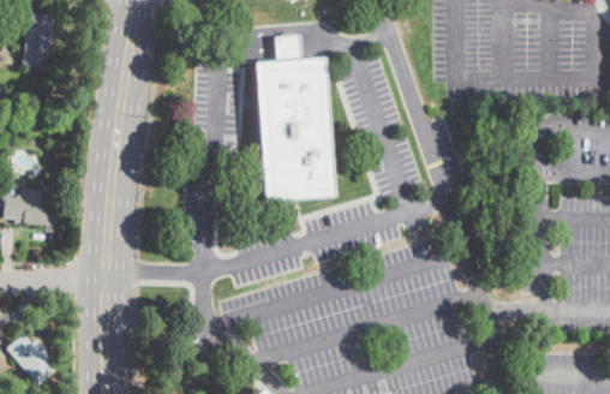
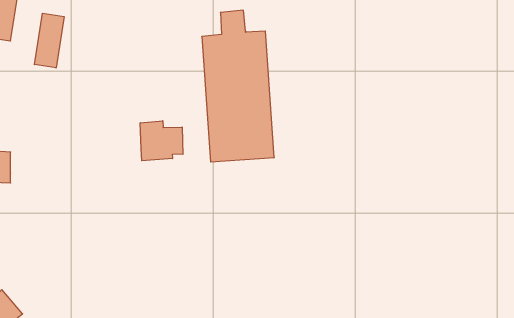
building: none -> [34,13,64,68]
building: none -> [140,121,183,161]

